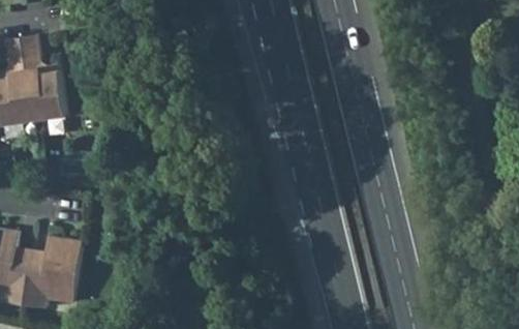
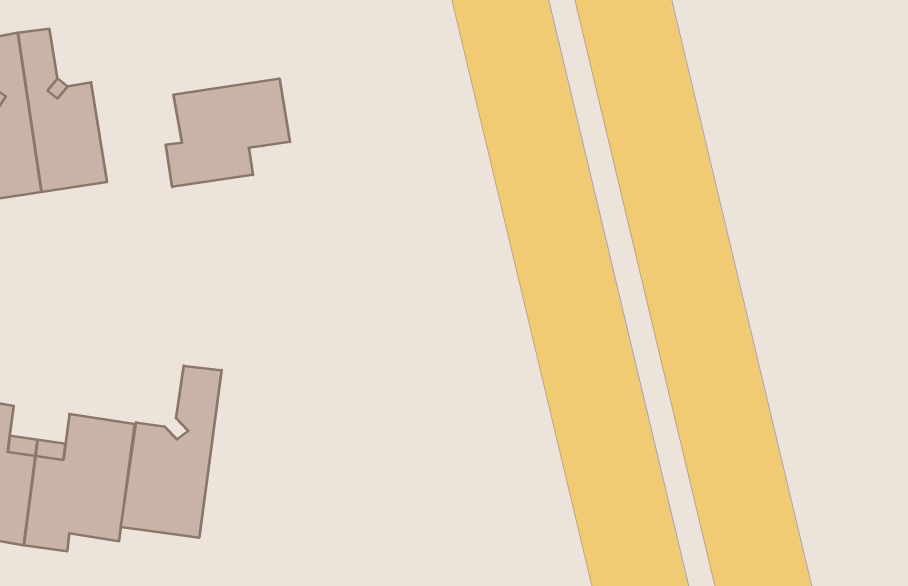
building: none -> [166,79,290,187]
building: none -> [121,366,222,538]

